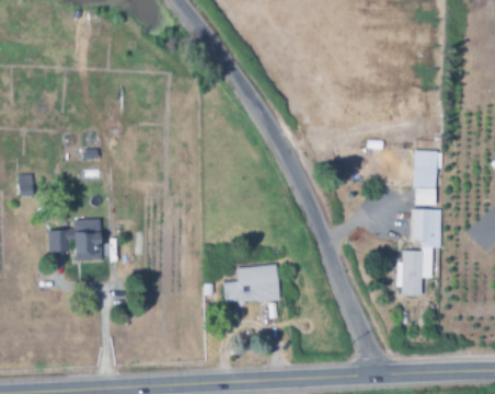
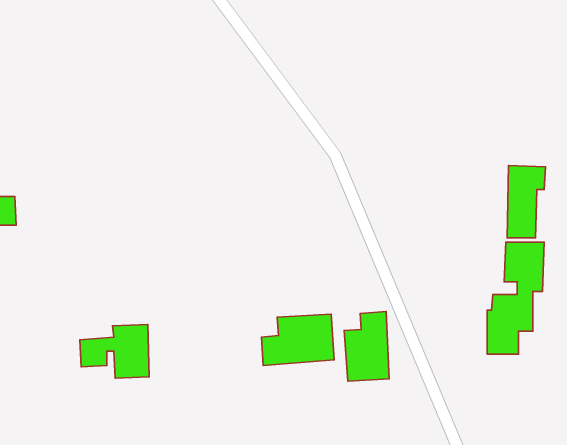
building: [47,219,101,260] -> [80,324,149,378]
building: none -> [344,311,389,381]

